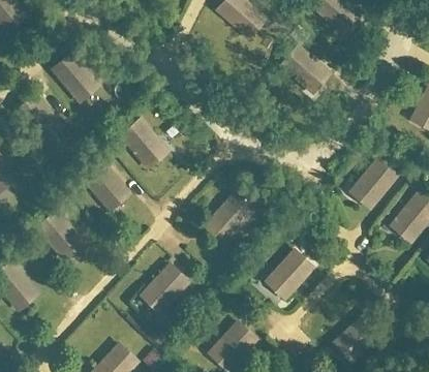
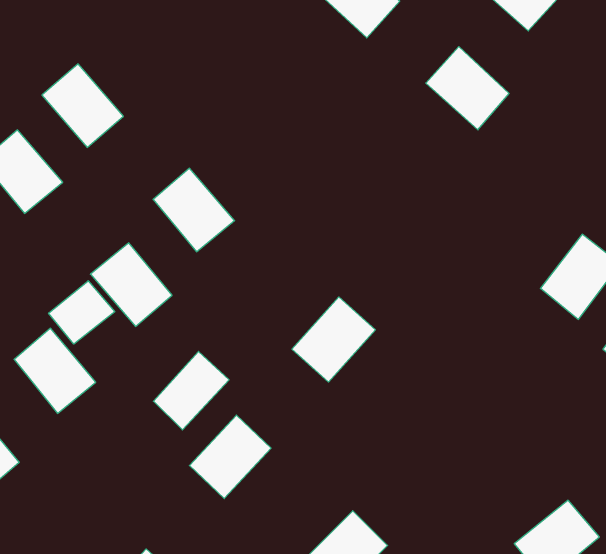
building: none -> [49,281,115,344]
building: none -> [153,351,229,430]
building: [266,247,315,297] -> none

